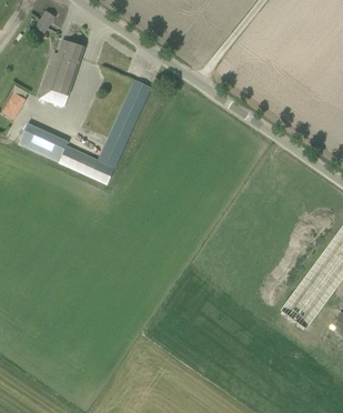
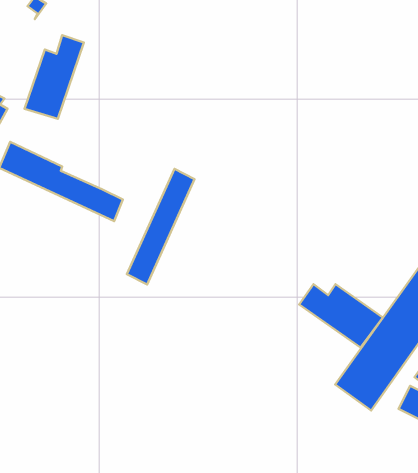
building: [99,79,151,168] -> [127,169,195,284]
building: none -> [299,284,383,348]

